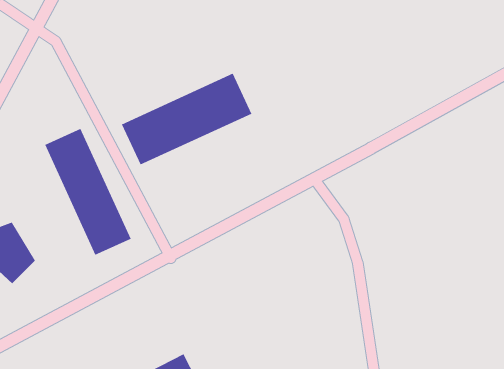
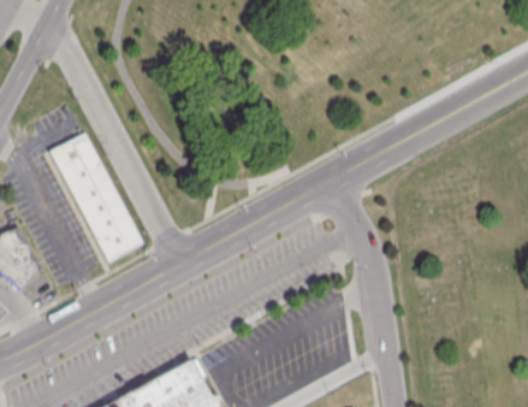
building: [121,73,252,165] -> none

